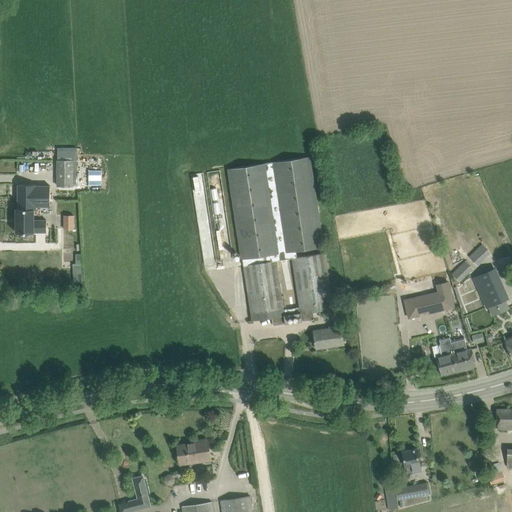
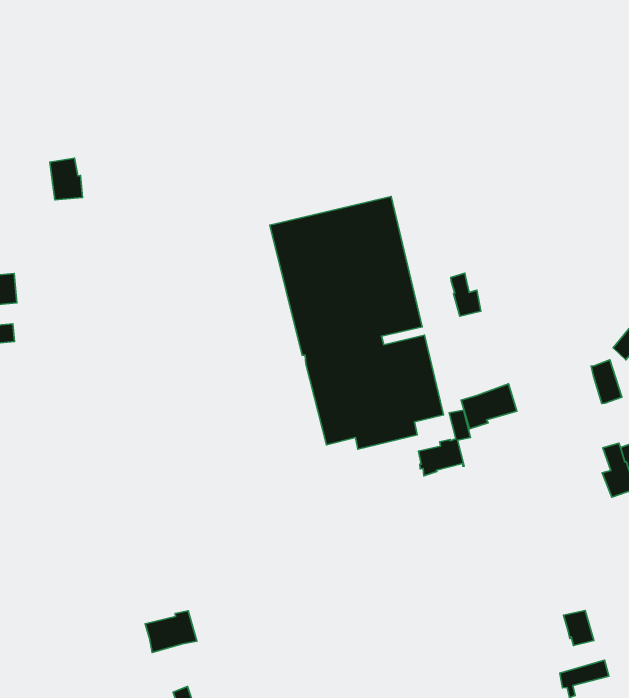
building: [55,159,75,186] -> [50,158,83,200]
building: none -> [451,273,481,316]
building: [403,291,440,319] -> [461,384,517,429]
building: [176,439,210,465] -> [145,611,197,653]

